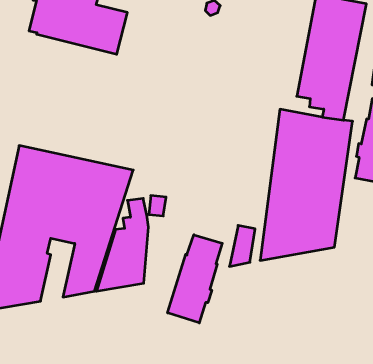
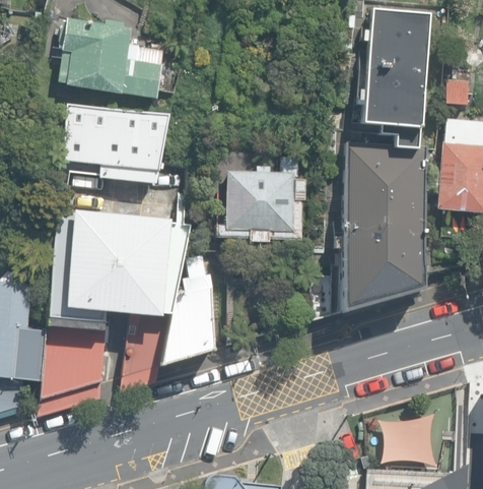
building: none -> [61,104,172,185]
building: none -> [217,159,307,242]
building: [168,235,222,323] -> none

